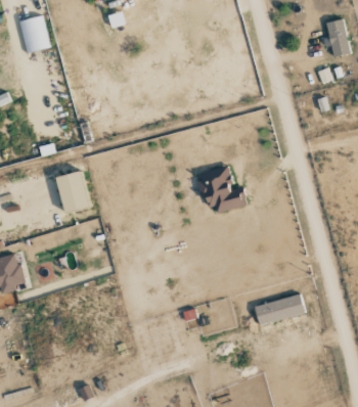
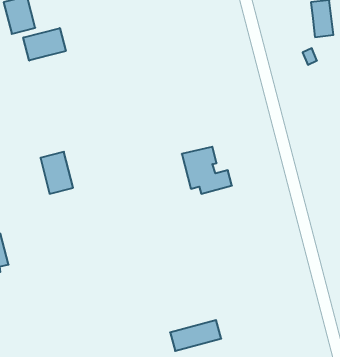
building: none -> [23,28,66,61]
building: [255,295,306,325] -> [170,320,221,351]

